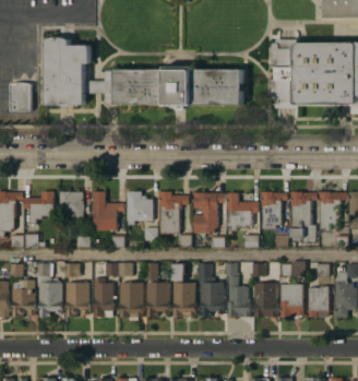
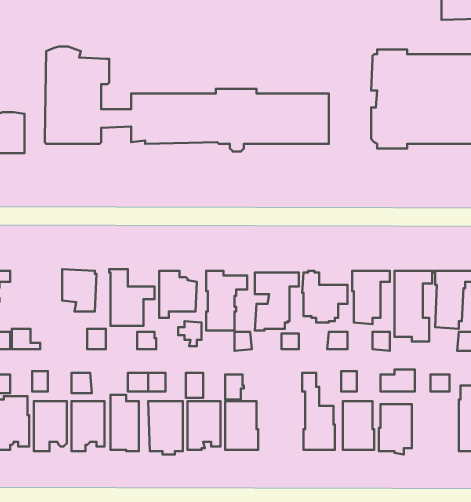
building: [24,191,53,224] -> none
building: [200,263,225,317] -> none
building: [308,286,329,317] -> none

